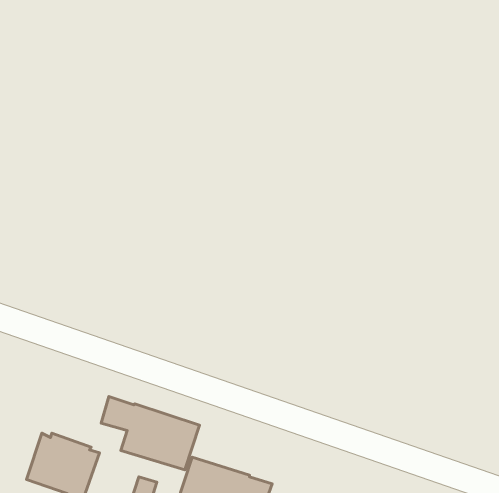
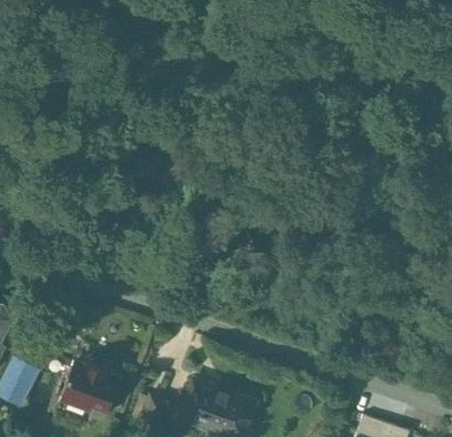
building: [101,396,199,470] -> none

